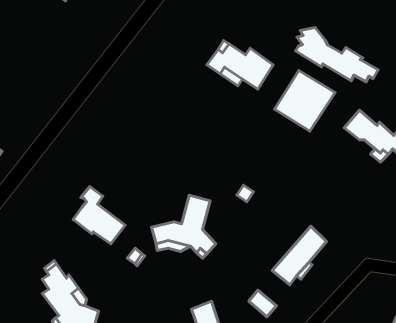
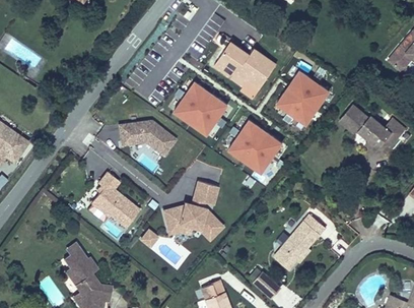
building: [296,27,378,82] -> none
building: none -> [174,78,231,134]
building: none -> [229,116,285,172]
building: none -> [118,122,176,156]

